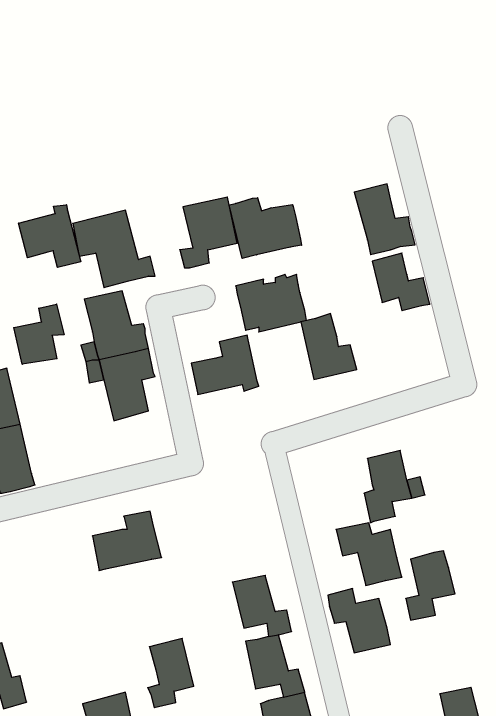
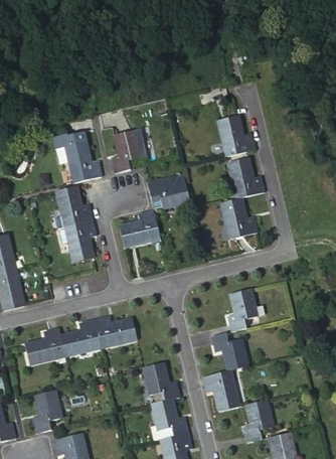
building: [229,198,302,258] -> none
building: [19,205,81,267] -> none
building: [14,304,64,364] -> none
building: [301,314,357,379] -> [220,199,255,240]
building: none -> [94,317,138,349]
building: none -> [21,330,62,366]
building: [406,551,455,620] -> [245,396,276,438]
building: [148,638,194,708] -> [33,390,61,432]

